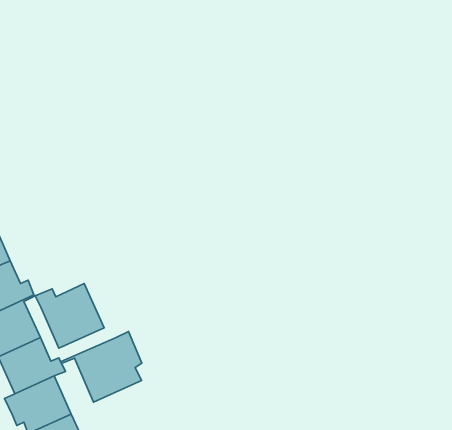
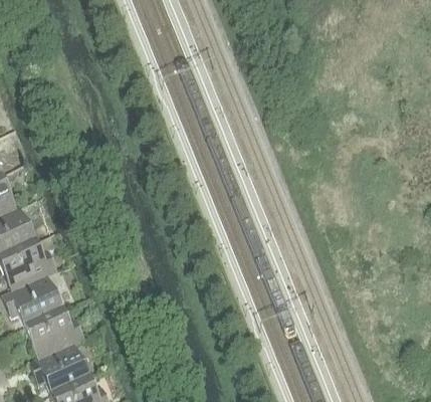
building: [35,284,104,348] -> none
building: [61,331,142,402] -> none

